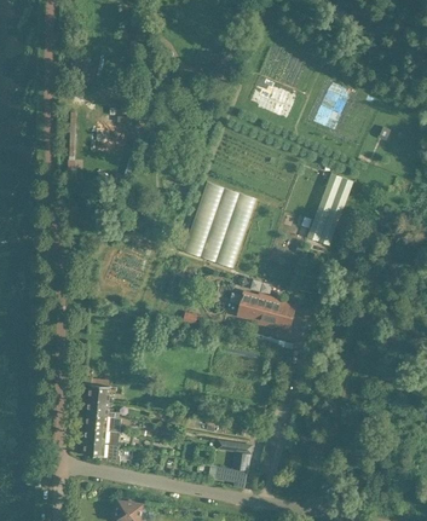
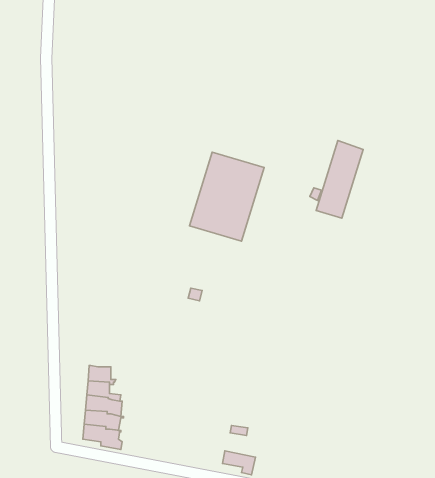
building: [240,293,296,329] -> none

